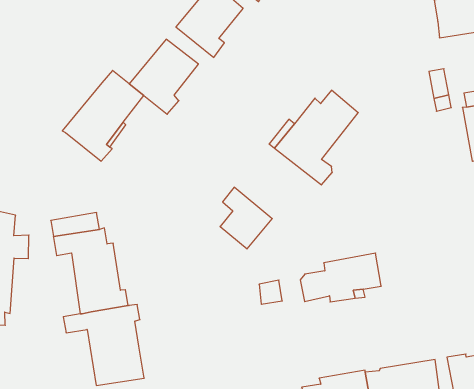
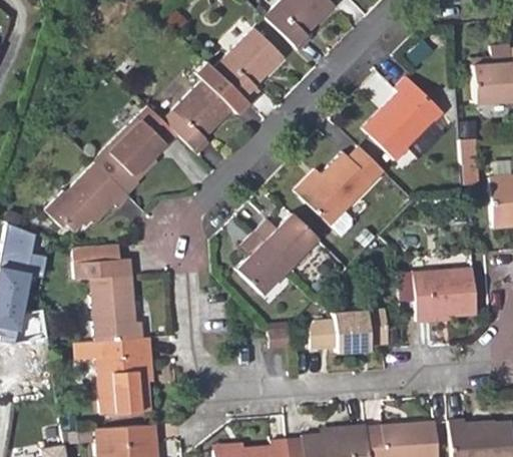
building: none -> [363,77,443,160]
building: none -> [44,158,128,226]
building: none -> [255,212,317,264]
building: none -> [413,268,479,324]

